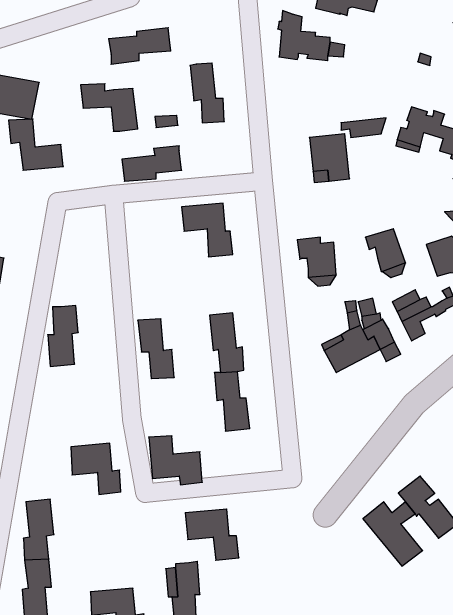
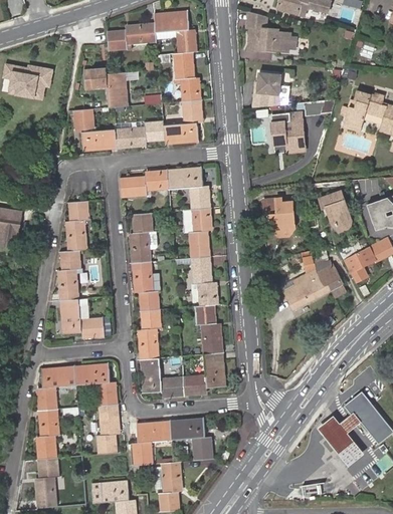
building: none -> [154,10,198,53]
building: none -> [251,70,280,106]
building: [9,119,63,170] -> [73,110,119,153]
building: none -> [164,100,203,146]
building: none -> [119,171,168,199]
building: none -> [64,202,88,253]
building: none -> [186,210,209,260]
building: none -> [128,215,156,264]
building: none -> [57,300,103,340]
building: none -> [137,311,162,360]
building: none -> [181,353,225,398]
building: none -> [35,368,75,414]
building: none -> [94,406,119,457]
building: none -> [132,423,171,467]

